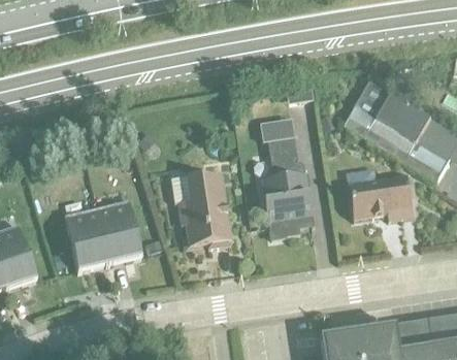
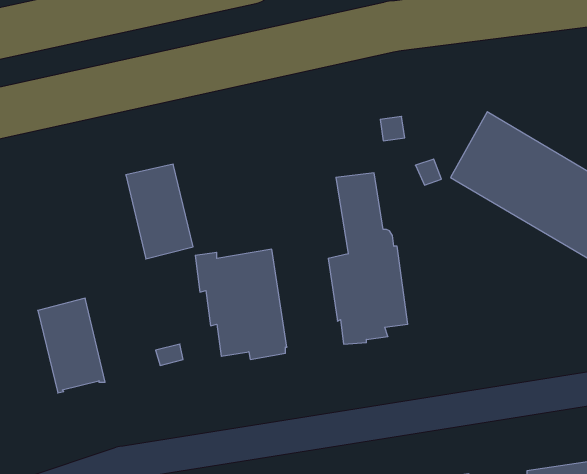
building: [346,166,416,219] -> none
building: [97,198,142,262] -> [126,164,193,259]

